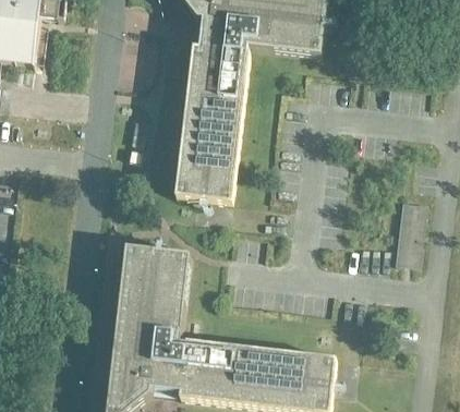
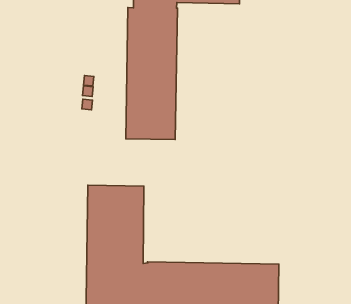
building: [392,197,424,264] -> none

